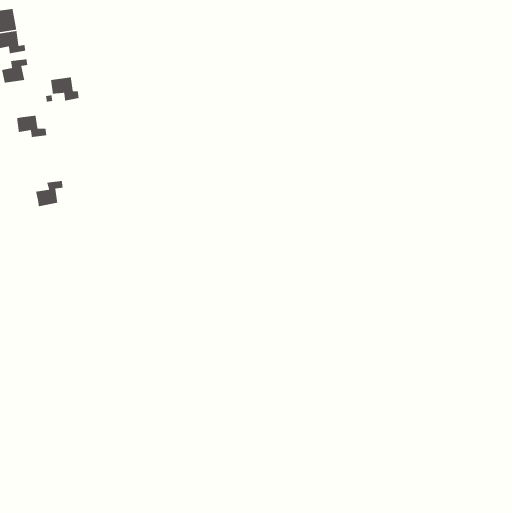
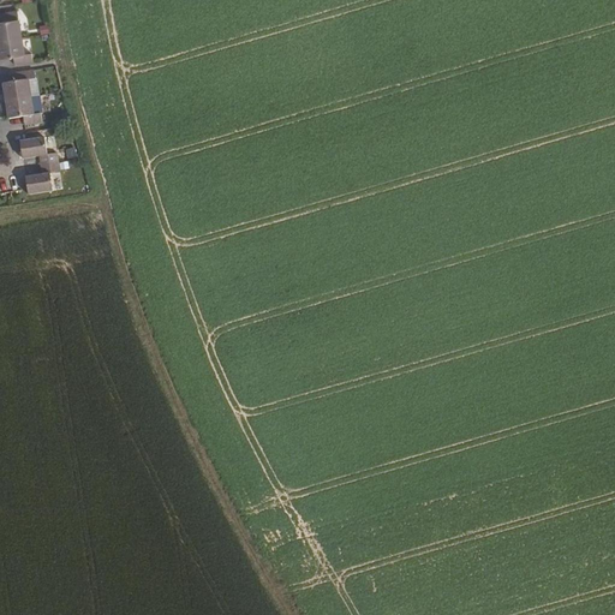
building: [50,76,79,102] -> [5,96,40,126]
building: [35,180,63,207] -> [24,162,58,195]

